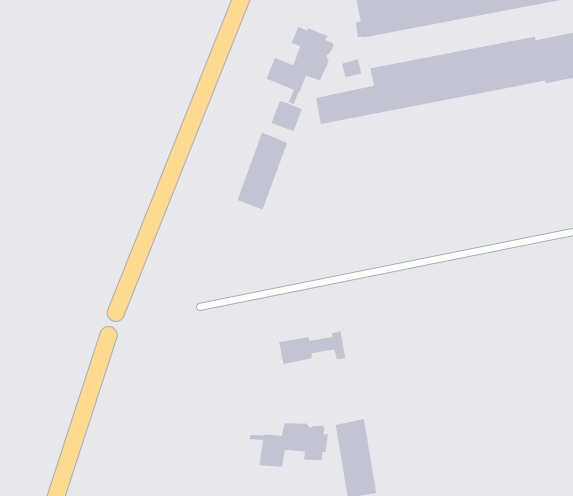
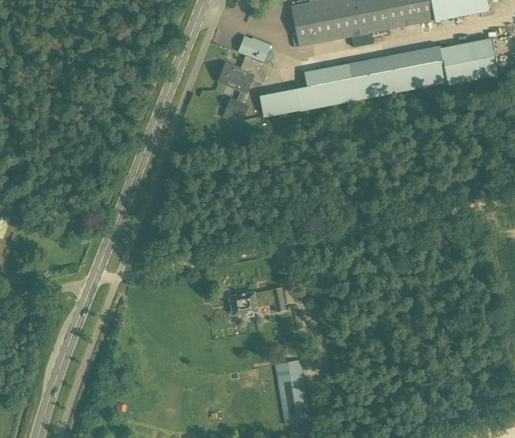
building: [236,132,288,210] -> none
building: [249,422,329,468] -> none

